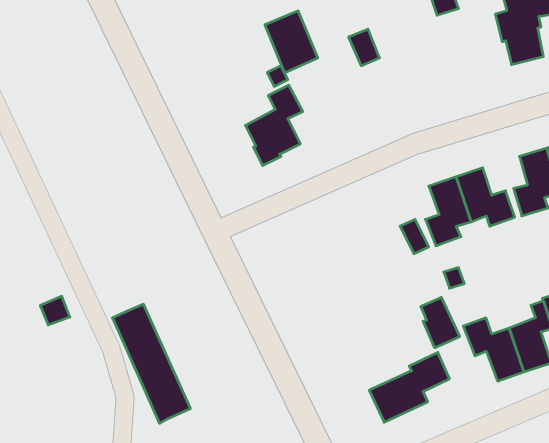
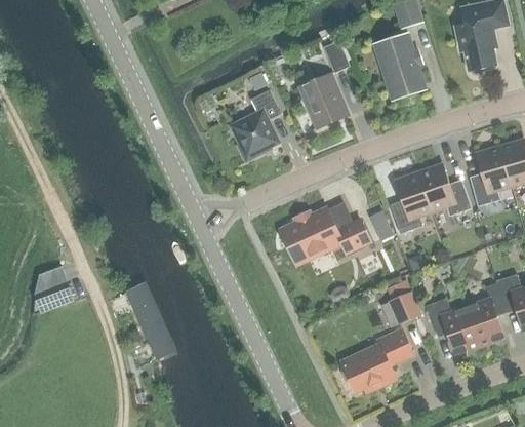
building: [265,11,318,73] -> [300,73,348,128]
building: none -> [376,35,423,99]
building: none -> [281,208,370,262]

